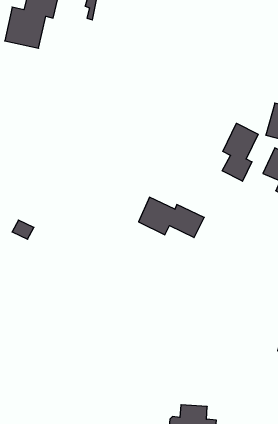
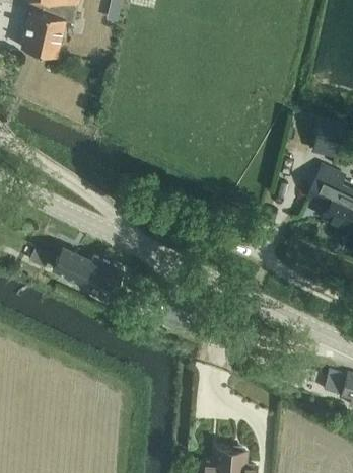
building: [222,123,258,181] -> none
building: [139,197,204,238] -> [51,247,124,292]

